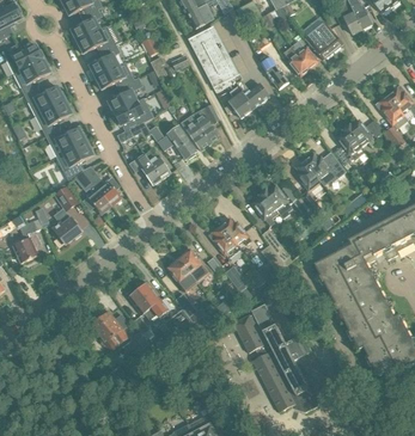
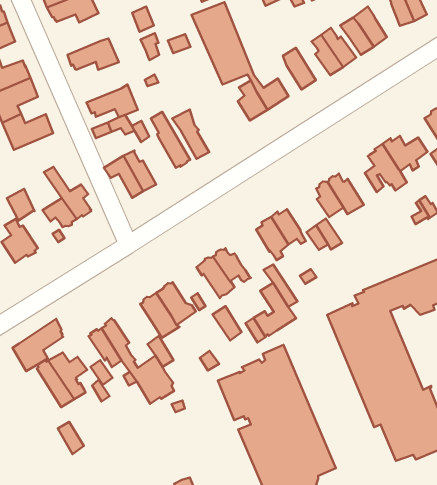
building: [89,43,118,78] -> none
building: [106,78,142,113] -> none
building: [193,103,220,145] -> none
building: [57,140,94,180] -> none
building: none -> [13,319,63,371]

